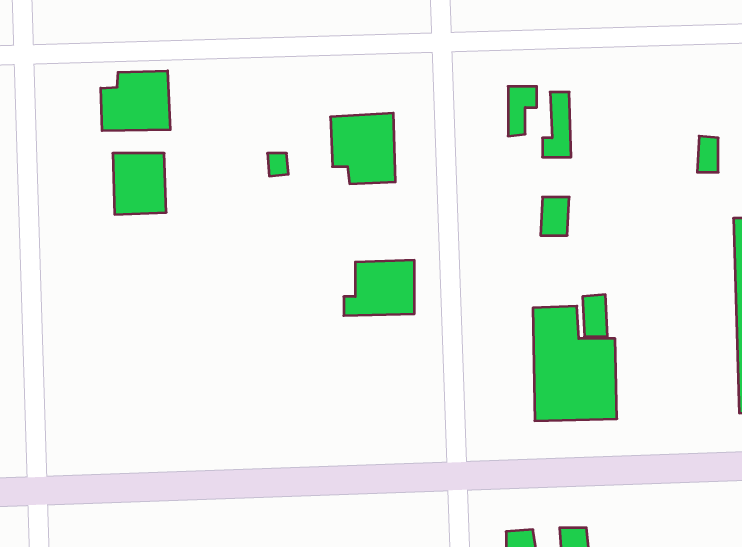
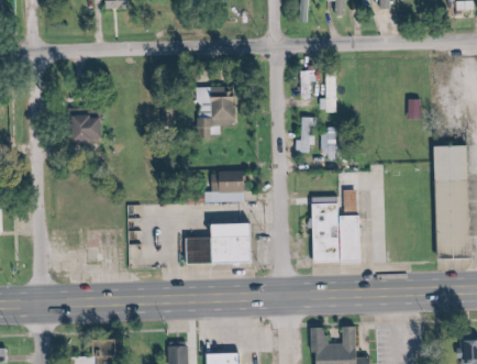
building: [101,71,170,131] -> none
building: none -> [295,118,312,153]
building: none -> [188,224,253,264]

